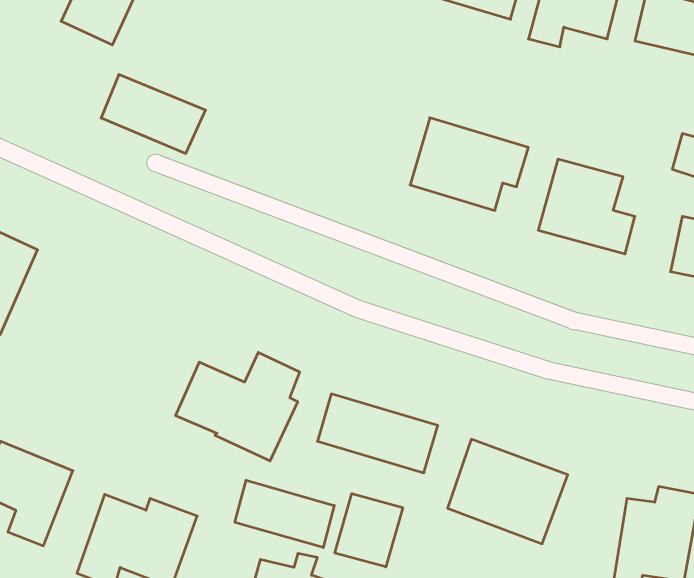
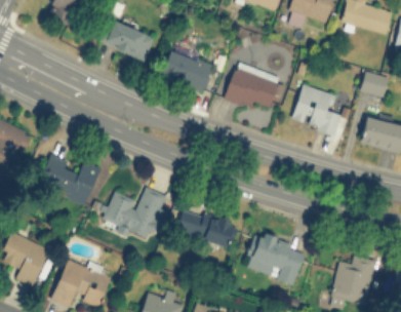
building: [101,75,206,153] -> [101,19,155,61]
building: none -> [161,51,213,91]
building: none -> [39,155,101,204]
building: [235,480,334,548] -> none
building: [335,494,403,567] -> none

